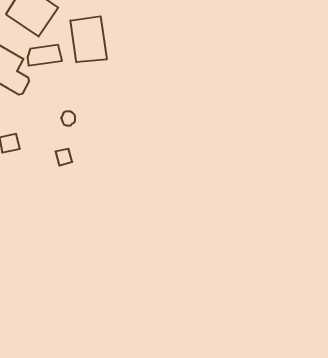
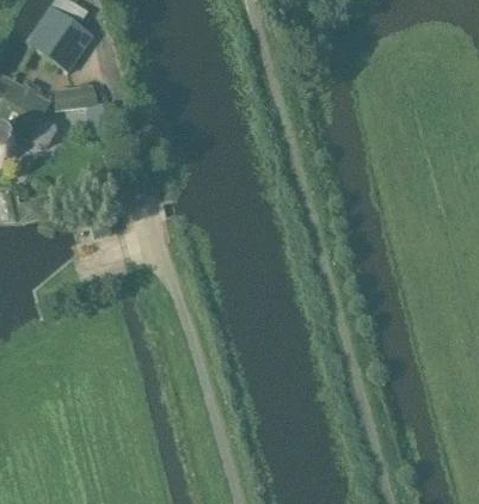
building: [70,16,107,62] -> none

